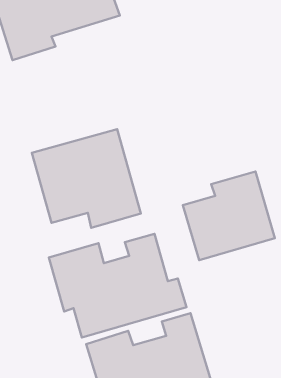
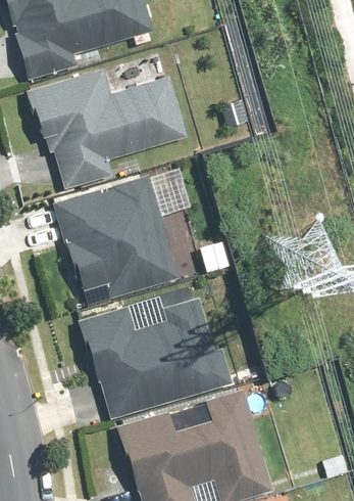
building: none -> [28,65,190,190]
building: [183,172,275,260] -> none

